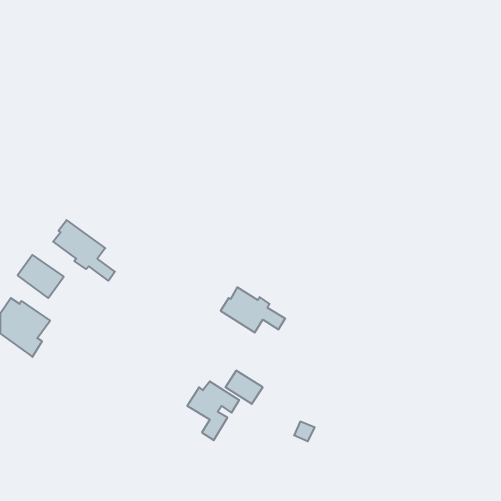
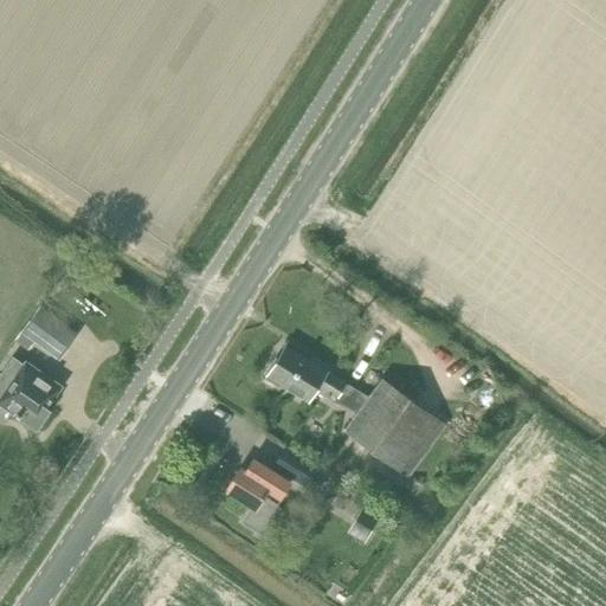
building: [53,220,115,281] -> none
building: none -> [346,380,445,477]

